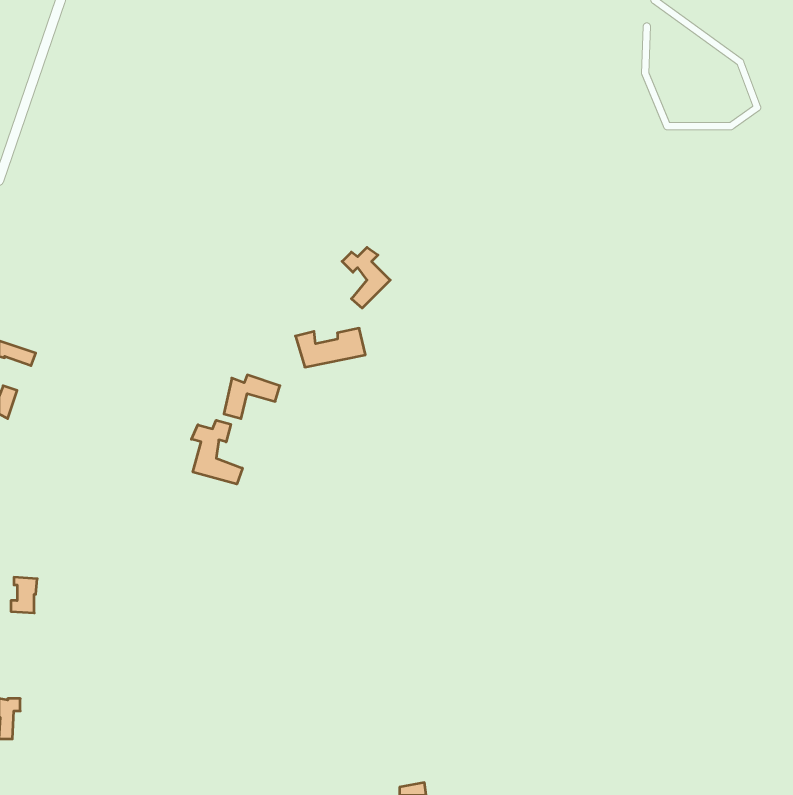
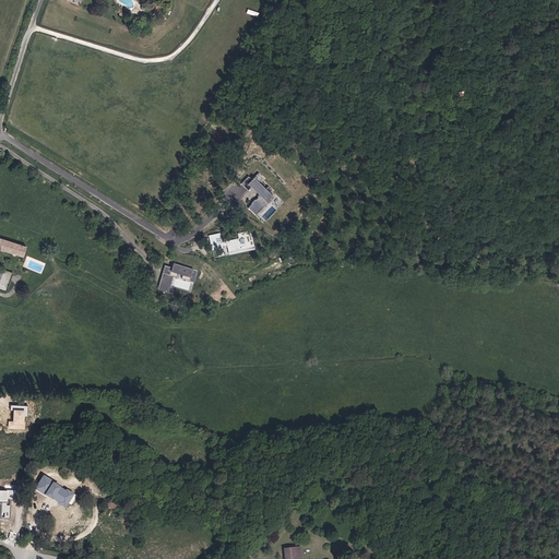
building: [191,420,242,484] -> none
building: none -> [34,475,76,510]

